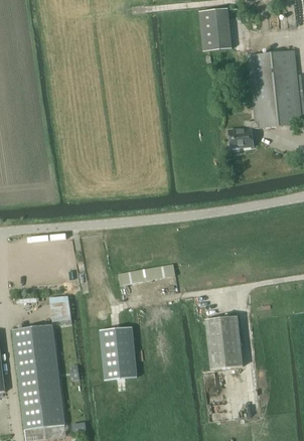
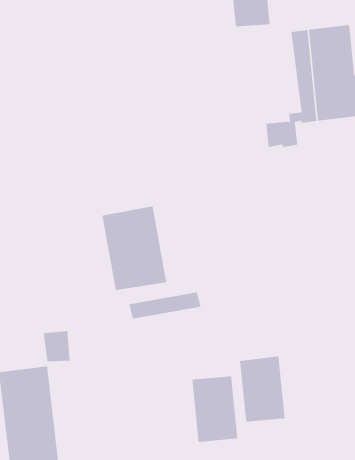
building: none -> [102,206,167,291]
building: [100,326,137,380] -> [192,376,238,442]

